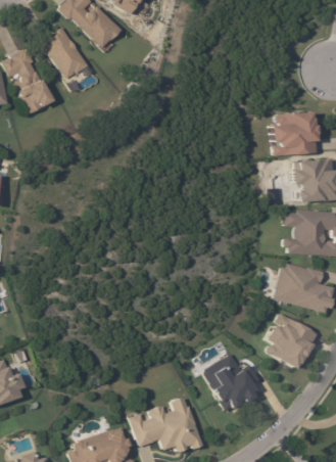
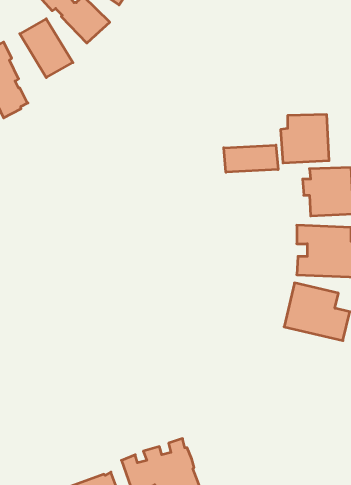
building: none -> [224,145,278,172]
building: [267,313,317,368] -> none
building: [203,354,258,412] -> none

